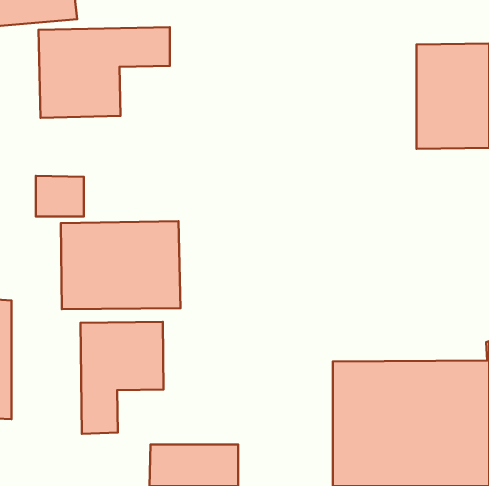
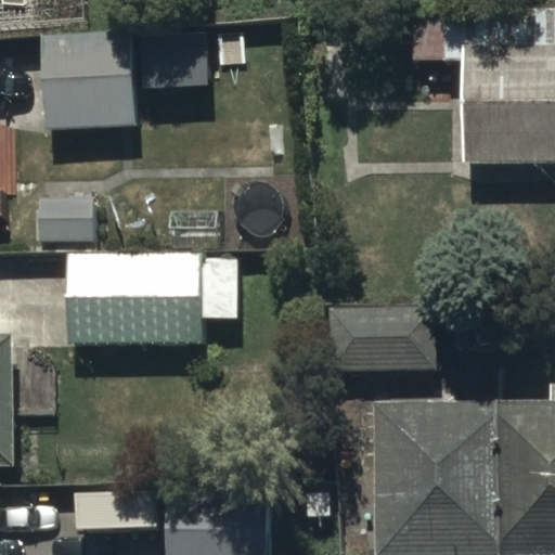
building: none -> [327,307,436,373]
building: [81,322,163,434] -> none

